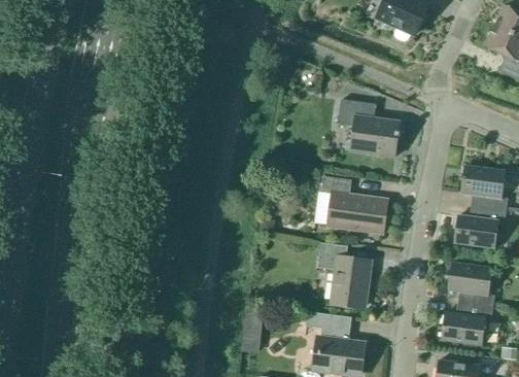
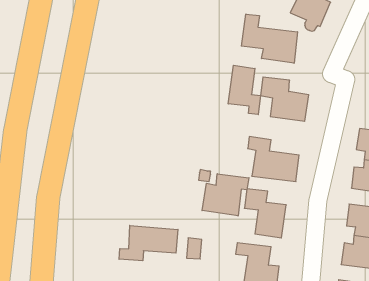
building: none -> [241,14,297,63]
building: none -> [228,65,261,115]
building: none -> [202,174,249,216]
building: none -> [119,225,178,261]

